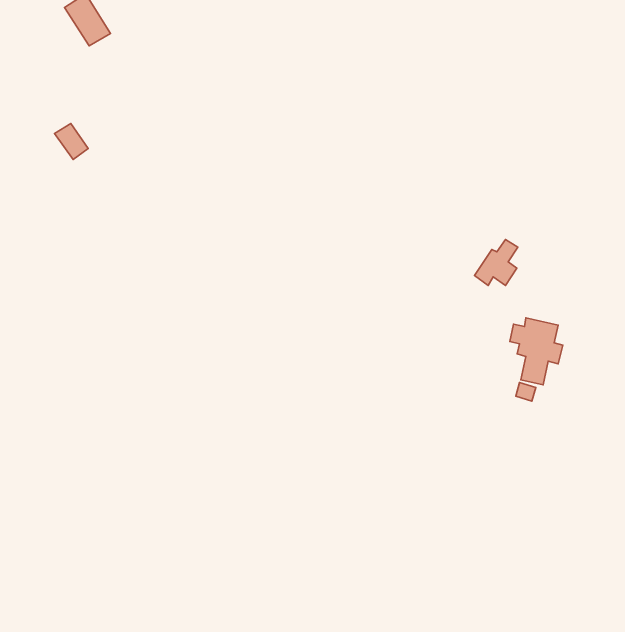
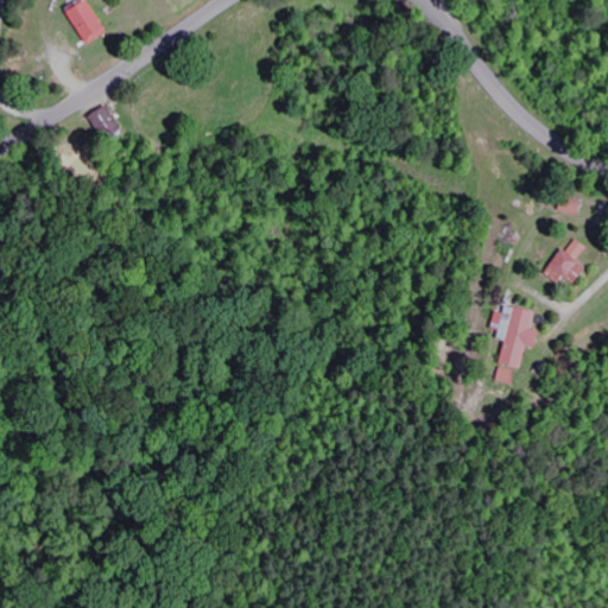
building: [55,124,88,160] -> [90,106,122,140]
building: [475,240,518,286] -> [543,239,584,283]

